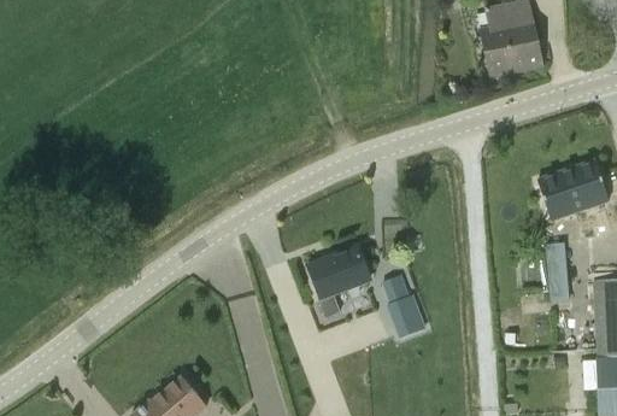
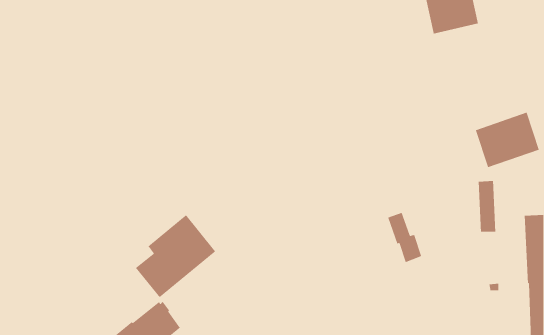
building: [308,246,369,315] -> none
building: [382,275,422,333] -> [387,212,422,263]
building: none -> [135,214,216,298]

